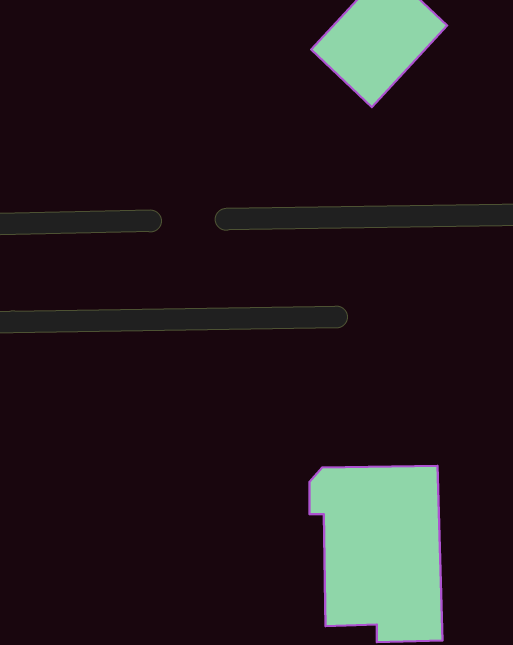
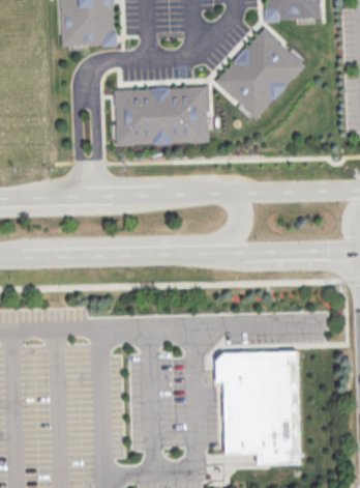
building: none -> [115,86,209,144]

